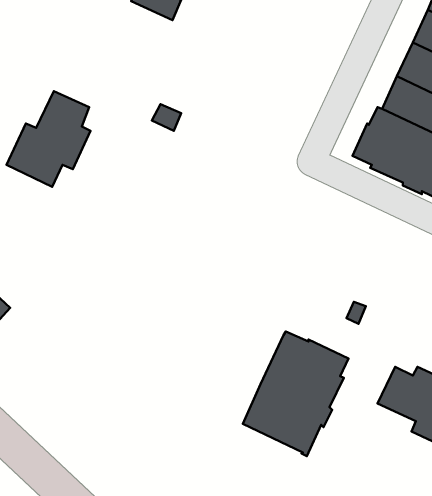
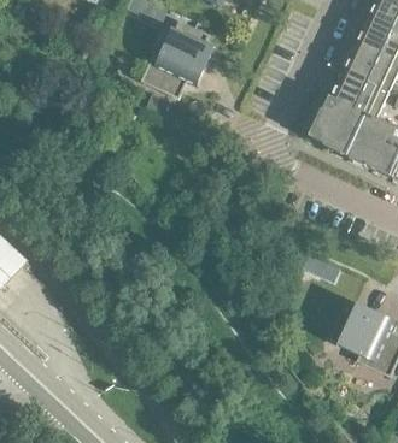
building: [7,91,91,187] -> [141,19,210,98]
building: [243,331,349,456] -> none

